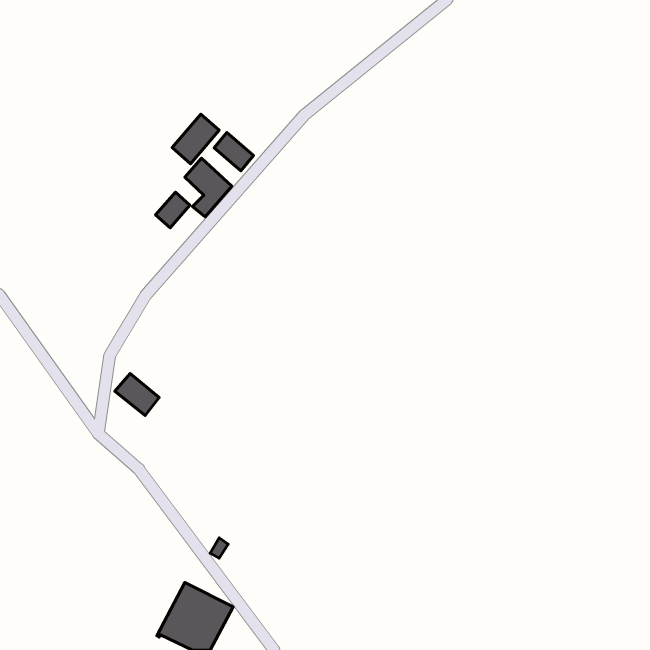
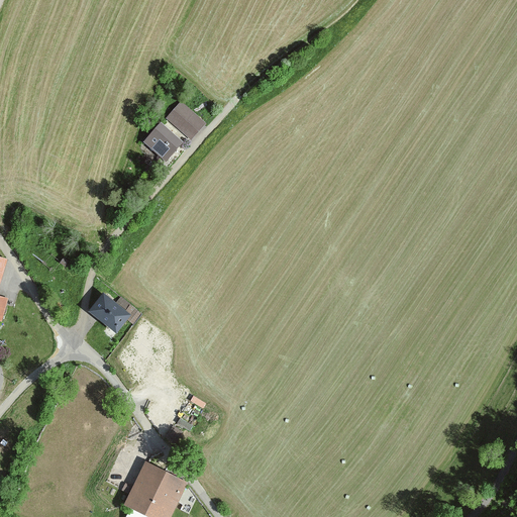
building: [172,114,219,164] -> none
building: [156,192,190,228] -> none

